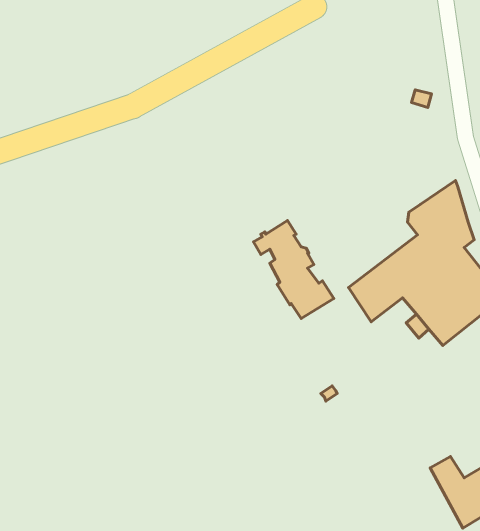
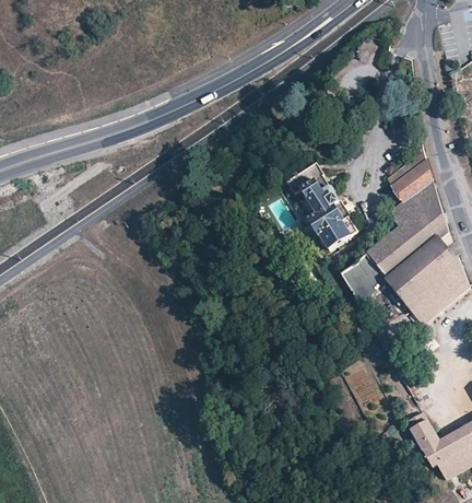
building: none -> [389,152,433,201]
building: [253,220,334,319] -> [287,164,357,249]

